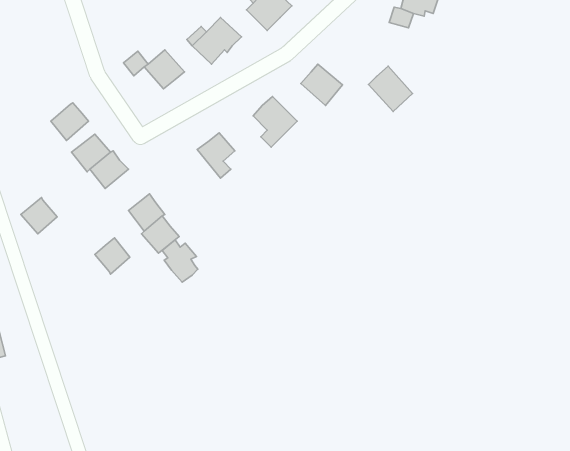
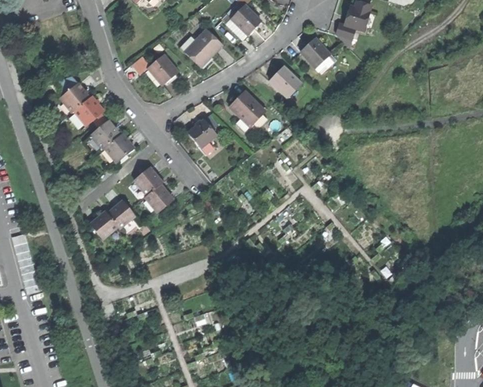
building: [369,66,413,112] -> [300,36,334,71]
building: none -> [54,75,90,112]
building: [21,197,57,234] -> [92,211,120,239]
building: [162,240,198,282] -> none

